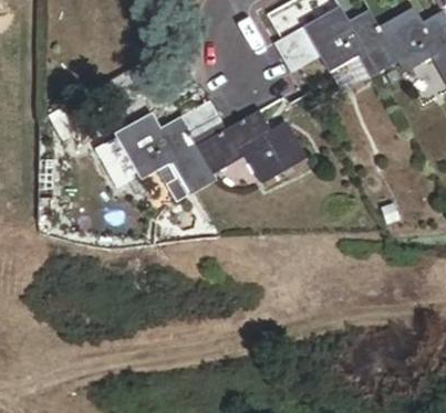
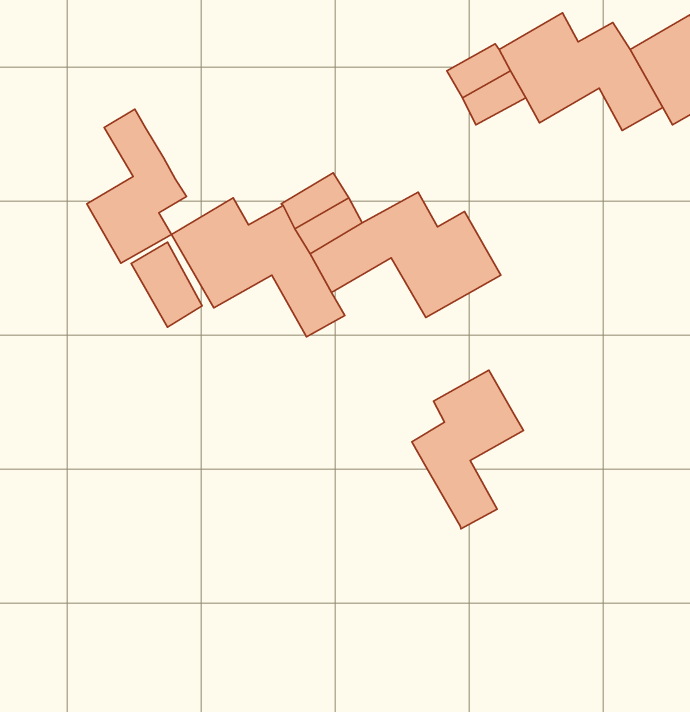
building: none -> [87,109,187,263]
building: none -> [412,370,523,529]

